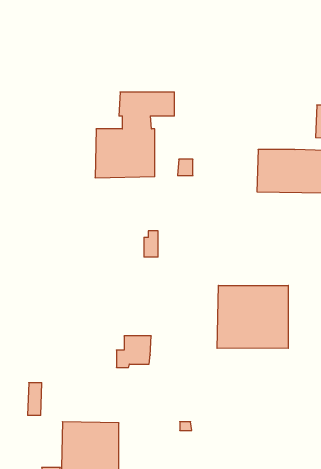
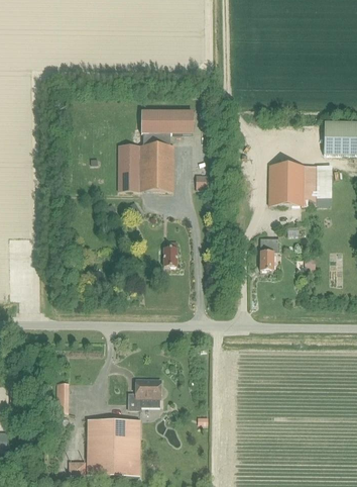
building: none -> [259,237,273,270]
building: [217,285,288,348] -> none
building: [116,336,151,367] -> [129,379,161,408]

